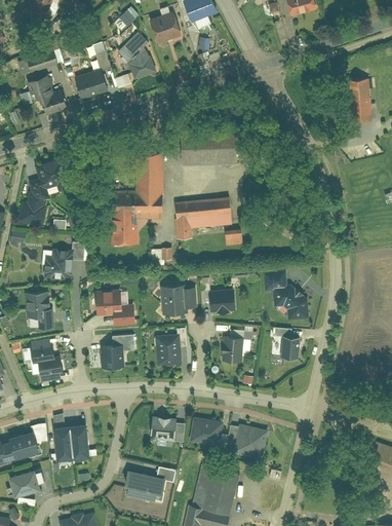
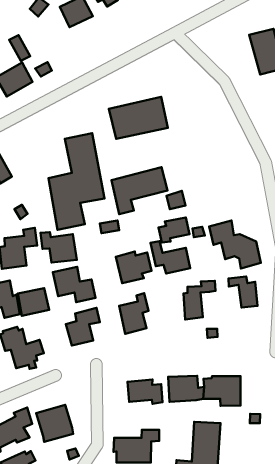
building: [118,32,155,79] -> none
building: none -> [40,232,77,263]
building: none -> [159,217,189,242]
building: none -> [18,288,49,316]

